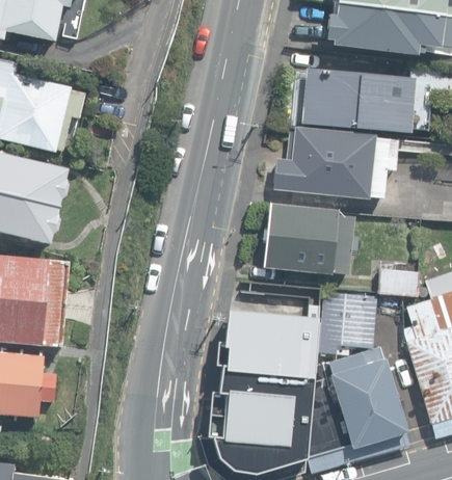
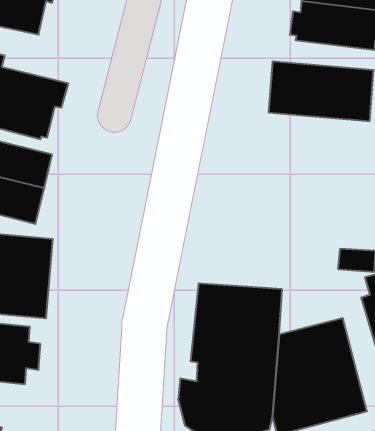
building: [273,127,396,199] -> none
building: [262,204,354,274] -> none
building: [316,292,374,355] -> none

